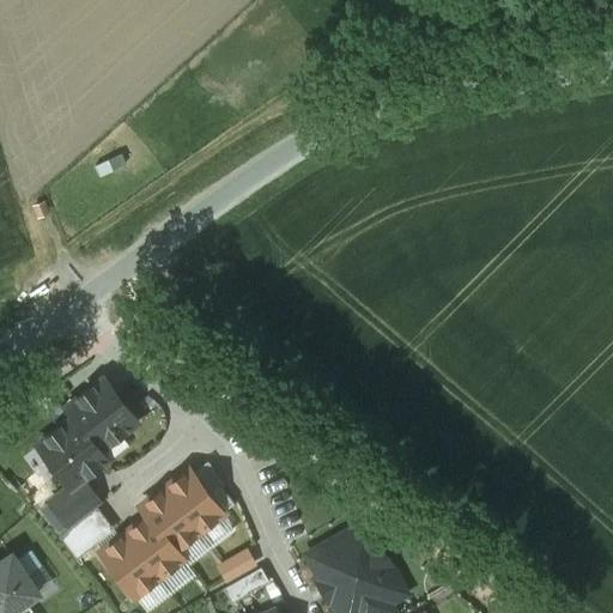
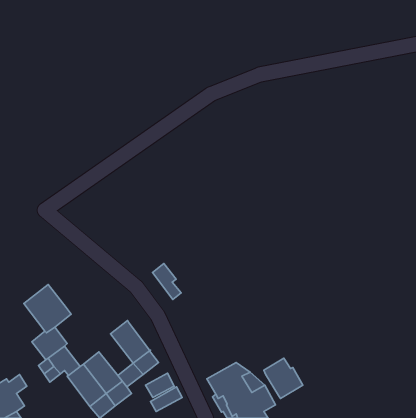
building: [63,378,134,450] -> none
building: [189,460,231,512] -> [152,263,181,299]
building: [139,488,195,550] -> none
building: none -> [264,358,303,398]

